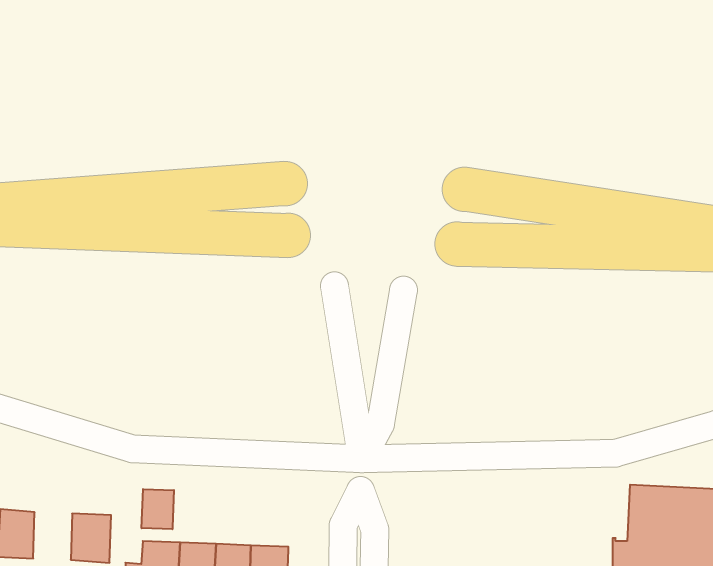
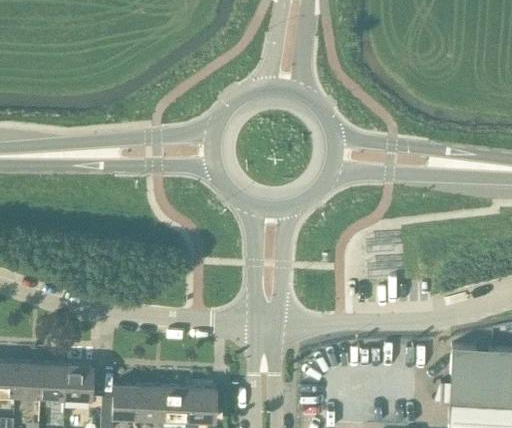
building: [142,489,174,529] -> none
building: none -> [39,364,66,397]

